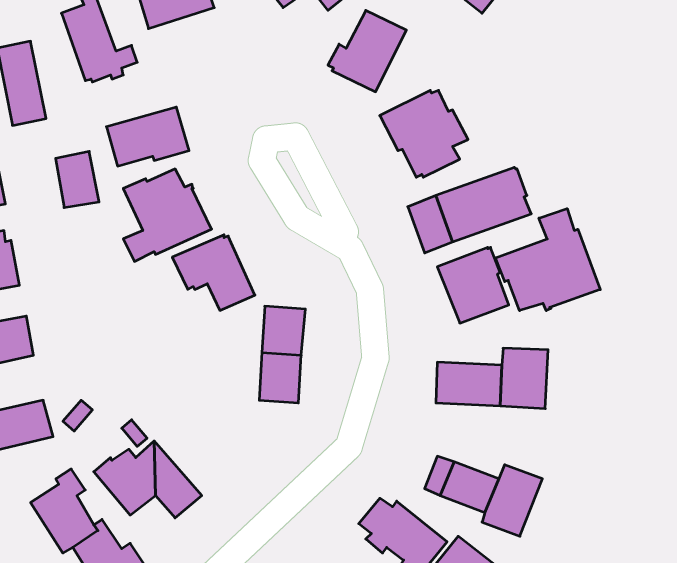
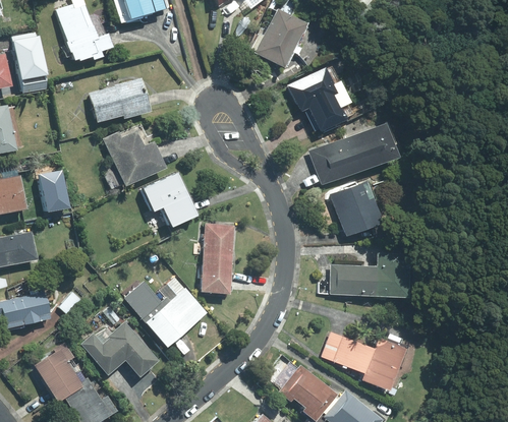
building: [56,151,99,208] -> [36,171,67,212]
building: [495,209,600,311] -> none
building: none -> [125,277,206,346]

